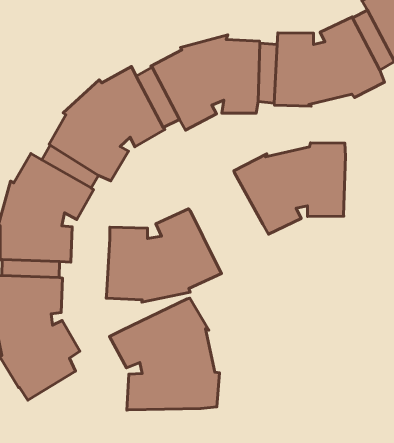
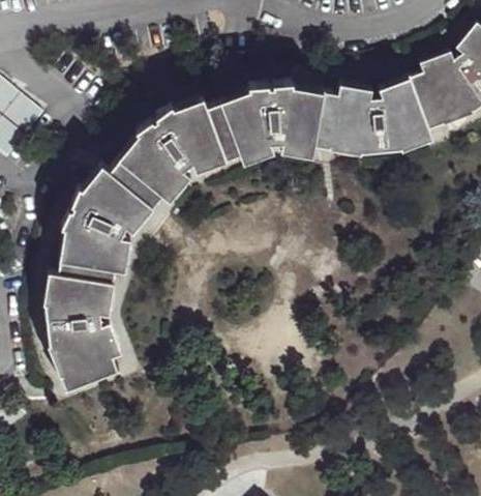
building: [234,143,345,234] -> none
building: [106,209,221,302] -> none
building: [109,298,220,410] -> none

